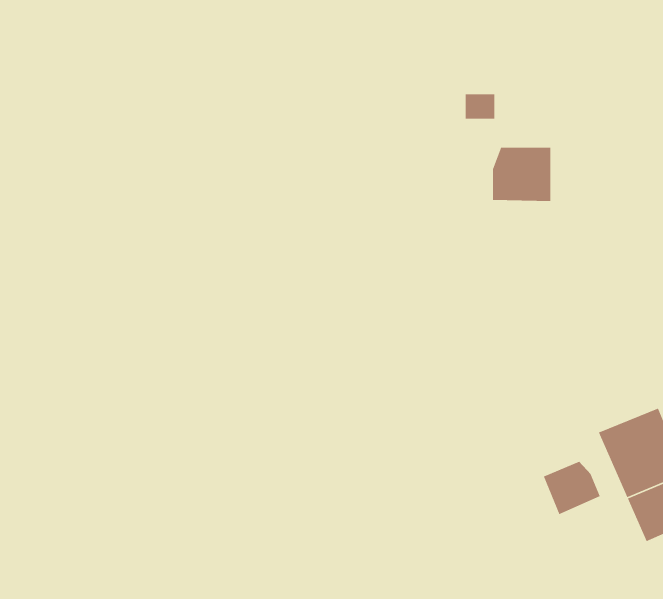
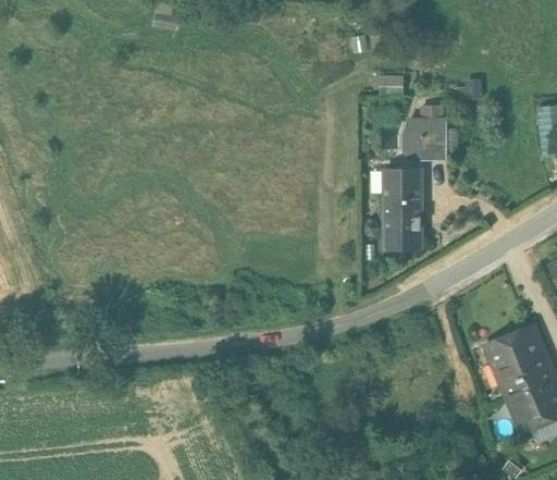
building: none -> [384,169,421,248]
building: [543,461,601,515] -> none

